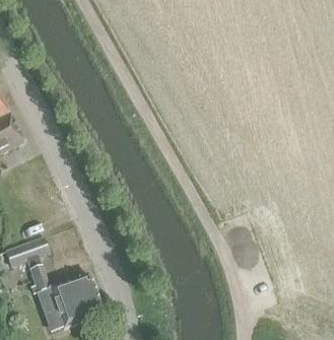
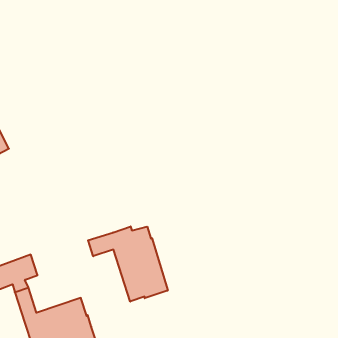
building: none -> [88,226,168,302]

